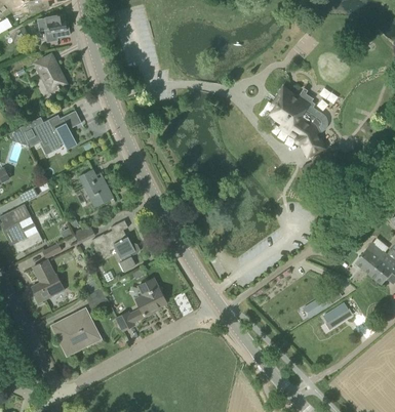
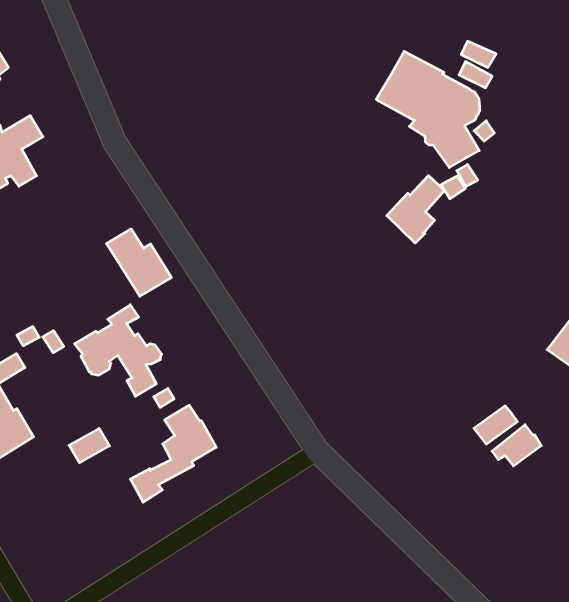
building: none -> [387,176,444,243]
building: [78,168,113,206] -> [106,229,171,296]
building: [51,307,101,353] -> none

